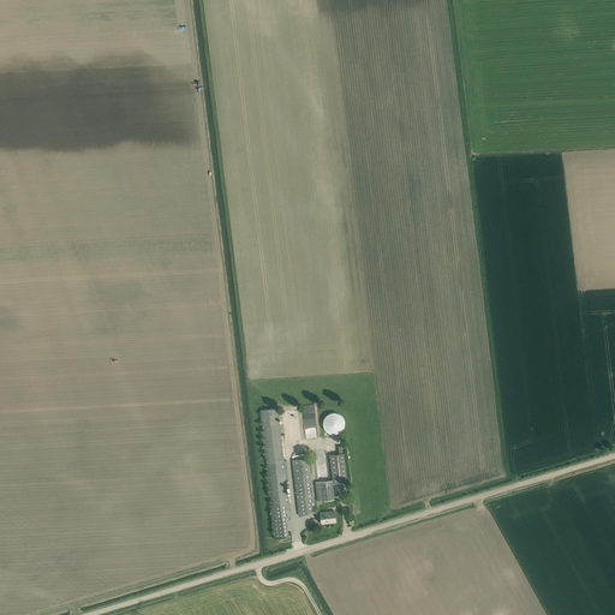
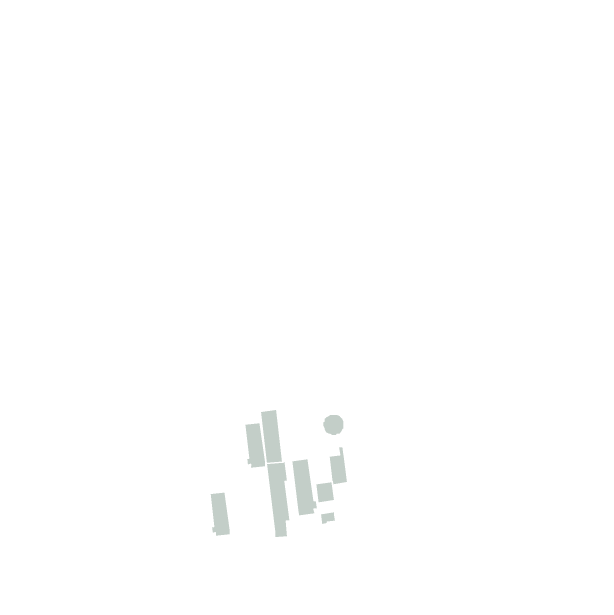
building: none -> [245,422,266,469]
building: none -> [210,492,231,537]

